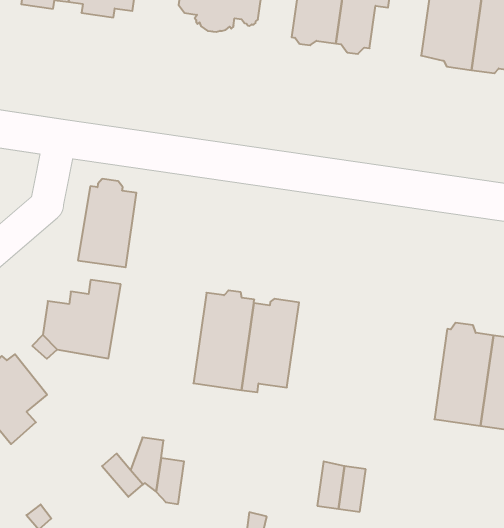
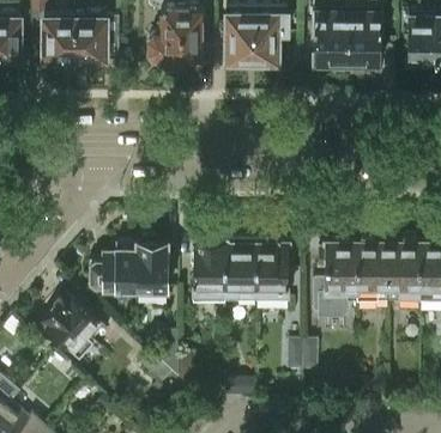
building: [78,179,136,267] -> [135,236,168,292]
building: none -> [256,237,289,300]
building: none -> [313,239,357,316]

